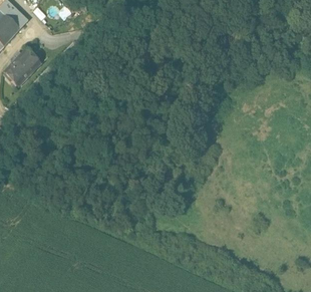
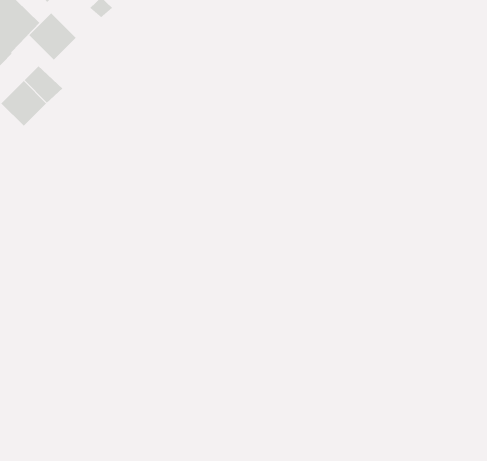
building: none -> [28,13,76,60]

